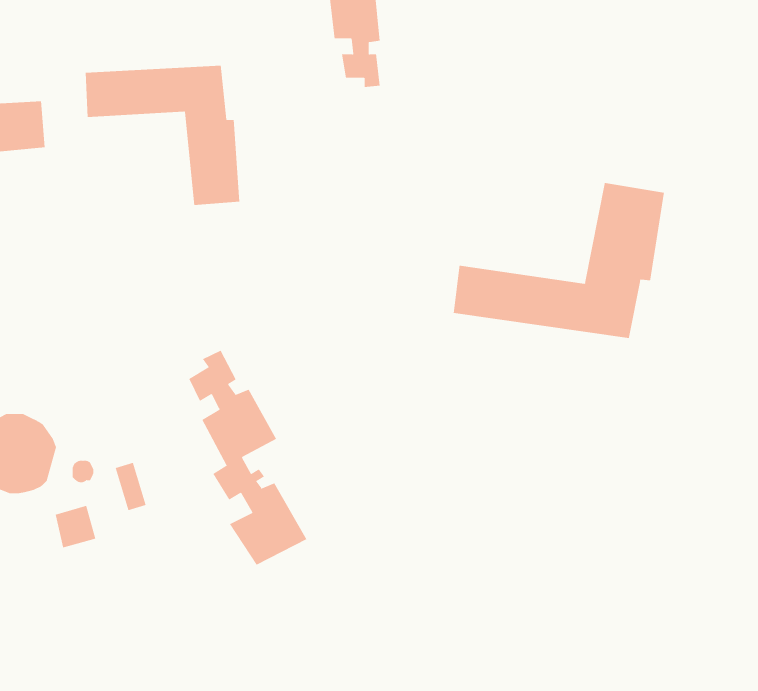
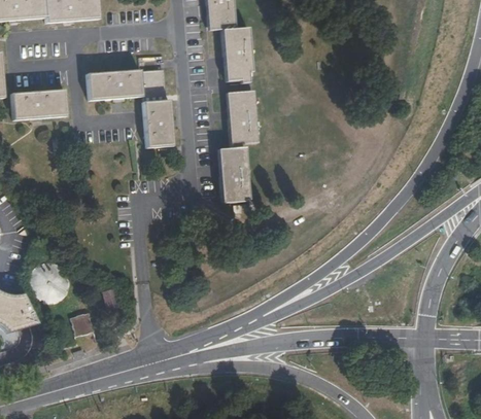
building: none -> [221,89,259,200]
building: [453,182,665,339] -> none
building: [189,350,307,565] -> none

